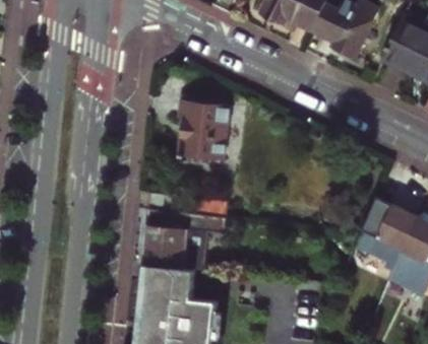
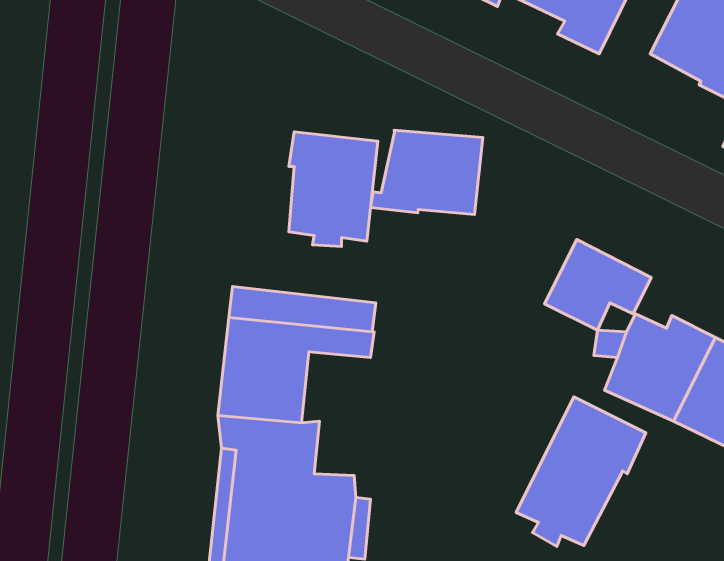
building: none -> [370,130,483,215]
building: none -> [545,239,651,330]
building: none -> [516,397,646,547]

